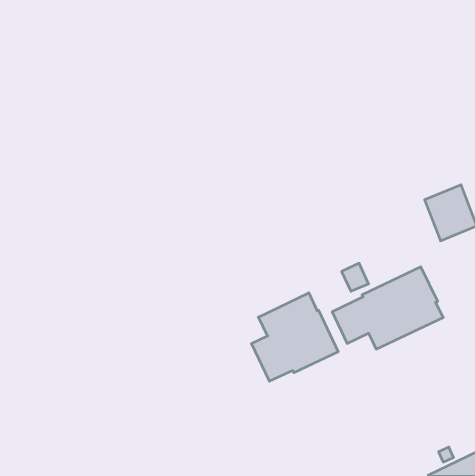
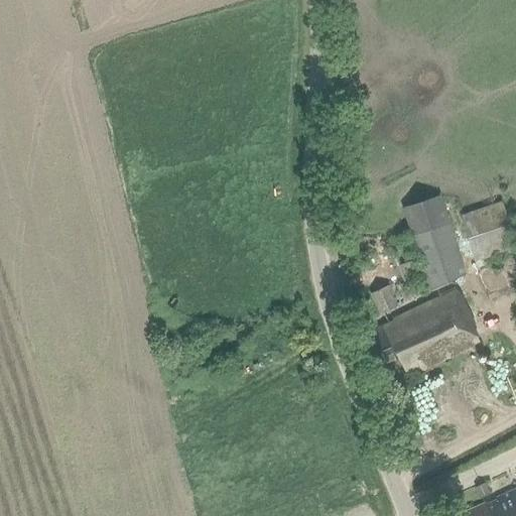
building: none -> [404,195,467,290]
building: [251,293,338,381] -> none

